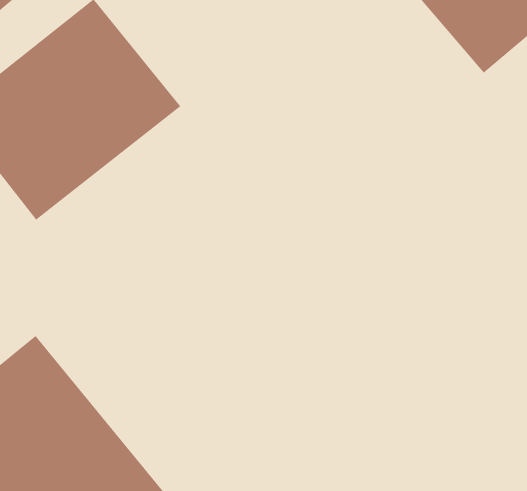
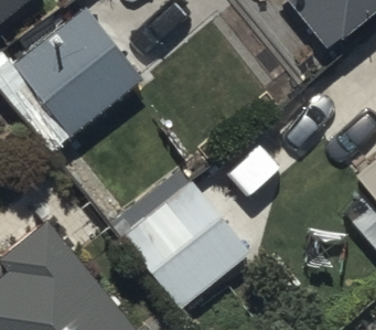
building: none -> [127,187,253,313]

